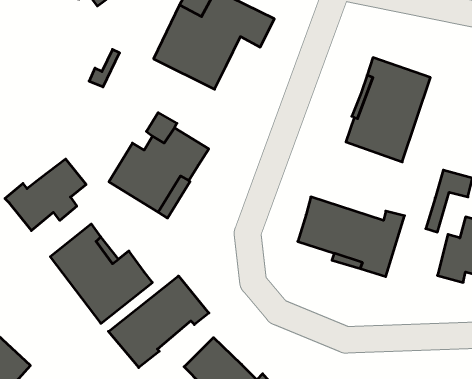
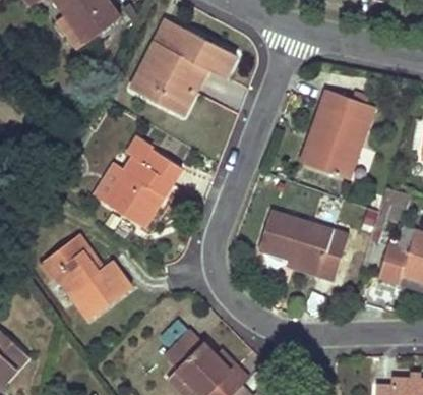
building: [5,159,86,231] -> none
building: [108,276,209,368] -> none

